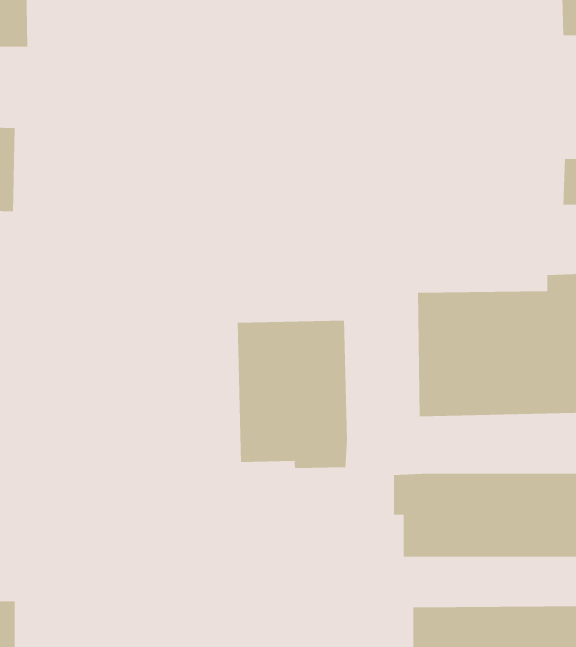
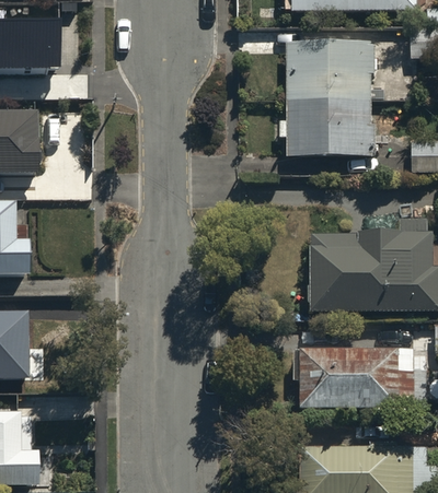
building: none -> [285,43,374,157]
building: [237,320,347,469] -> none

